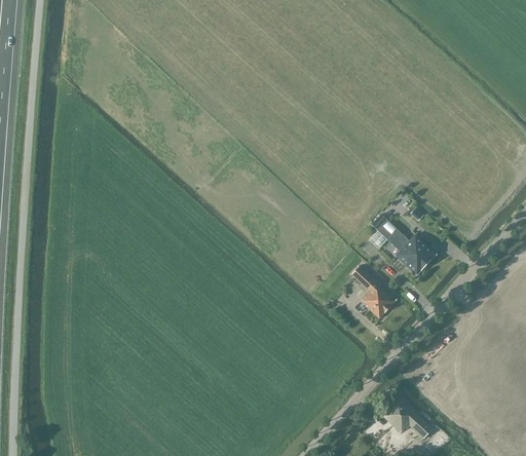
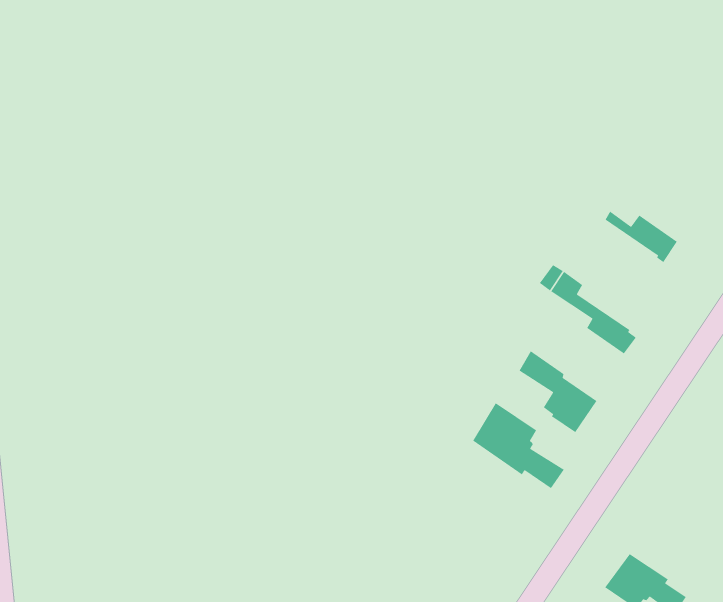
building: [393,231,437,268] -> [604,211,679,263]
building: none -> [472,402,565,489]

